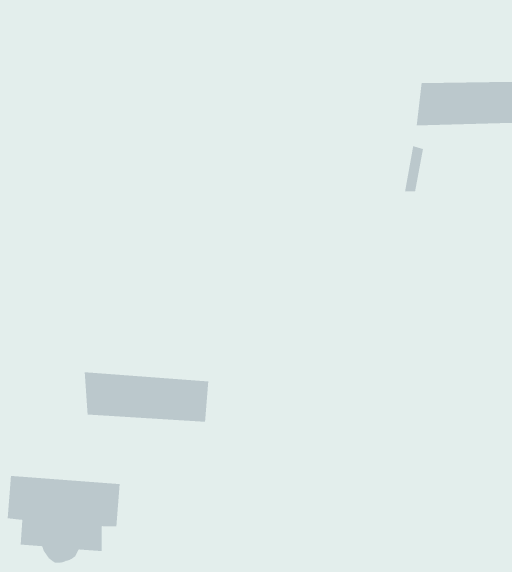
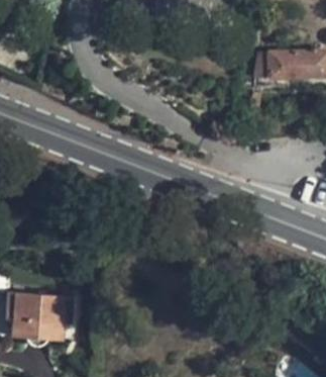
building: [84,372,209,422] -> none

